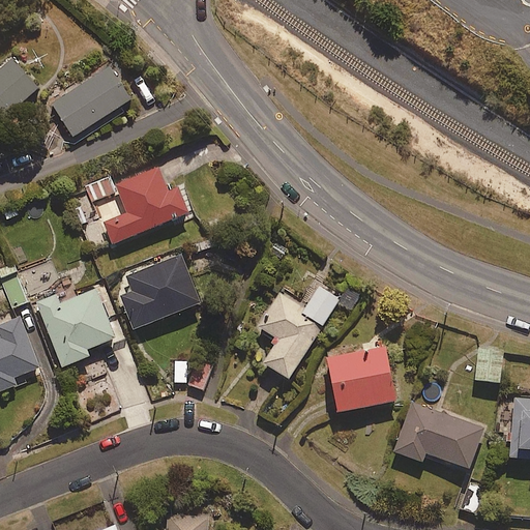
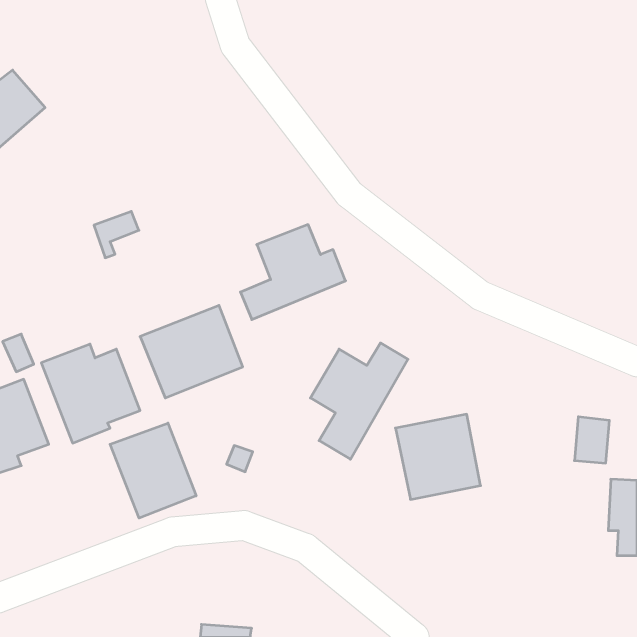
building: [47,65,129,141] -> none
building: [101,167,188,245] -> [240,225,346,320]
building: none -> [110,423,196,518]
building: [392,401,485,470] -> none

